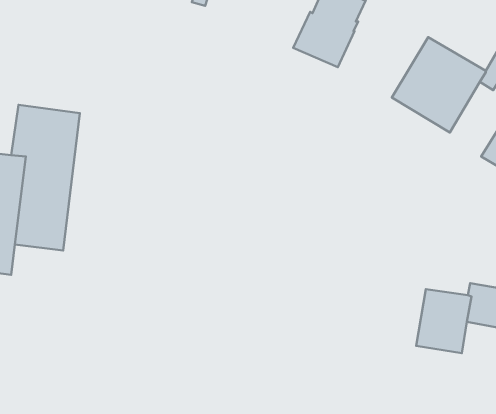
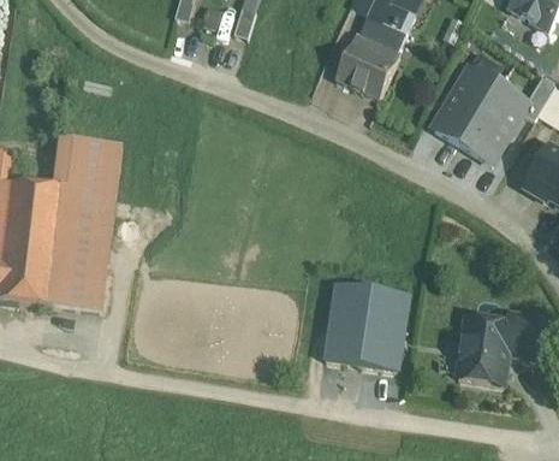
building: none -> [52,273,103,309]
building: none -> [322,284,410,368]

